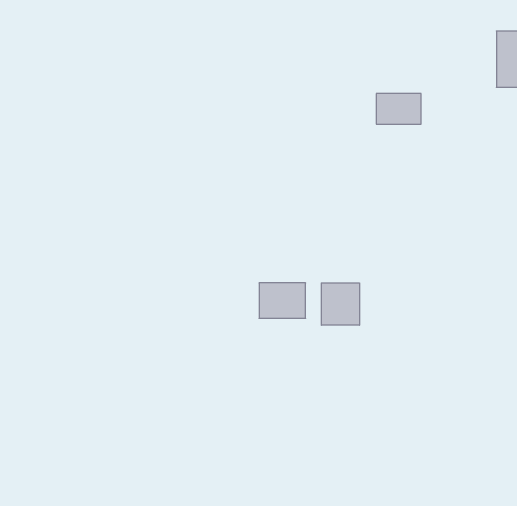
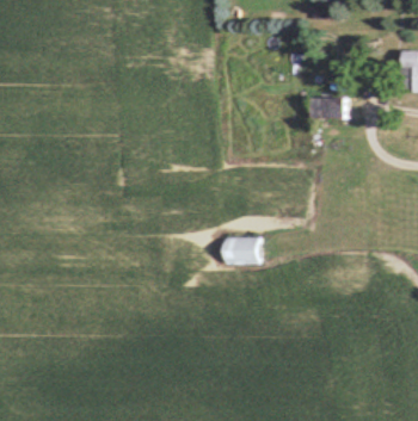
building: [321,283,359,325] -> none

